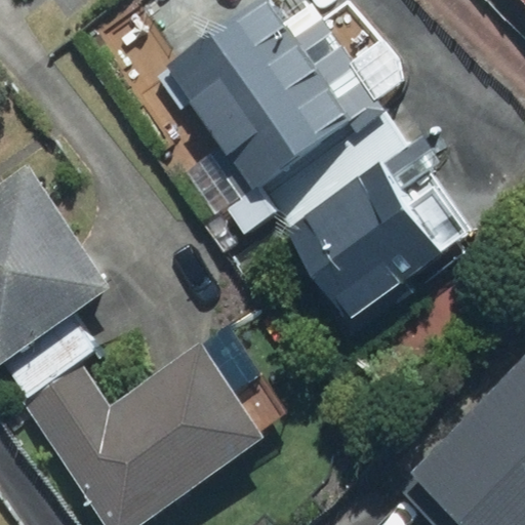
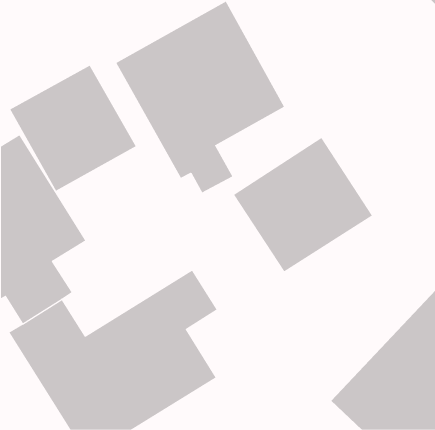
building: none -> [10,65,136,192]

